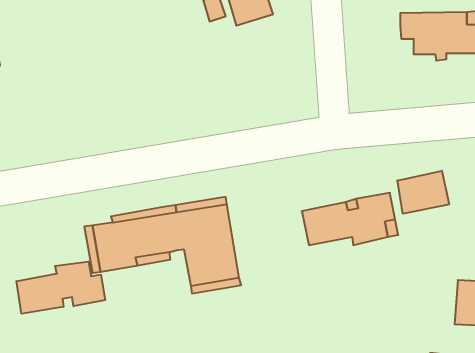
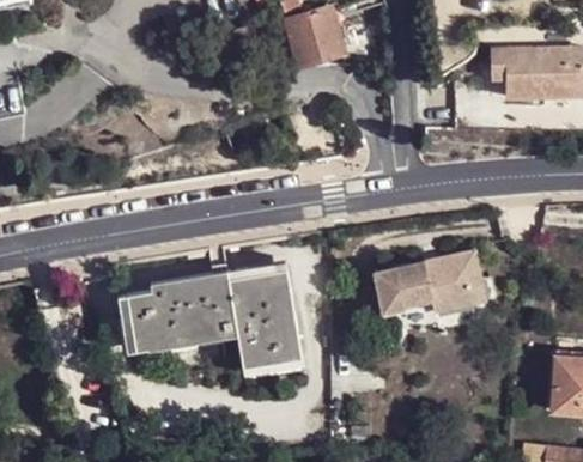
building: [397,171,449,214] -> none
building: [16,261,105,314] -> none

